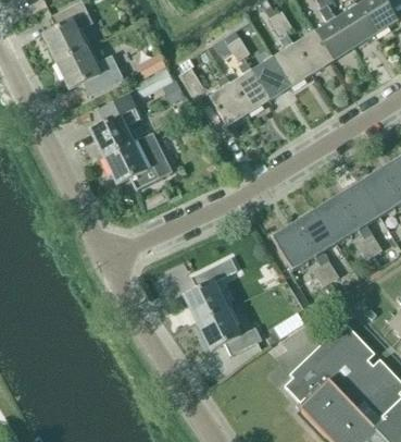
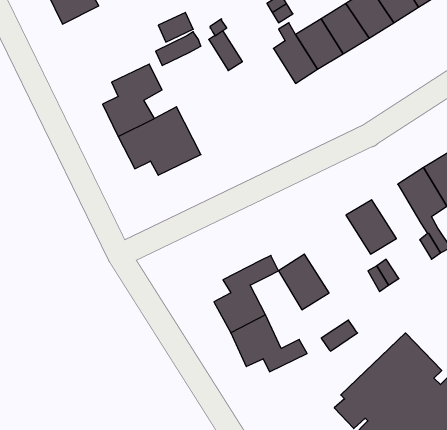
building: [57,46,123,94] -> none
building: [210,82,252,126] -> none
building: [316,196,358,242] -> none
building: [273,222,315,269] -> [279,254,329,310]

